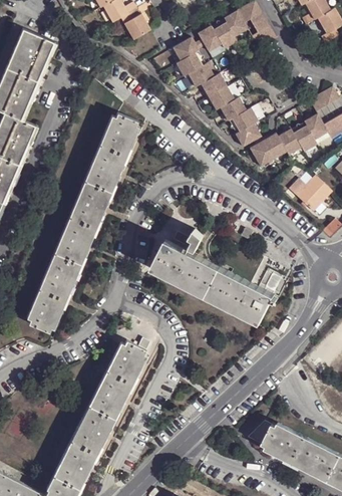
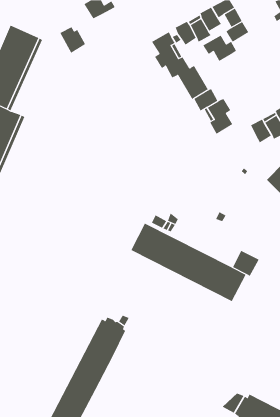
building: [121,11,149,40] -> [60,26,86,54]
building: none -> [202,35,237,62]
building: [26,113,139,333] -> none
building: [251,133,287,167] -> none

